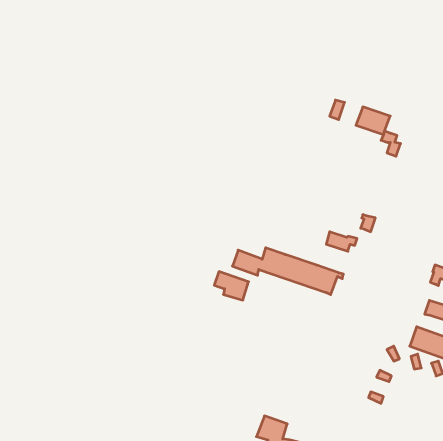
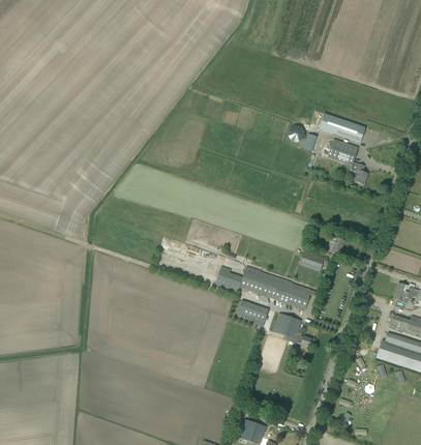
building: none -> [319,112,365,142]
building: [214,272,249,300] -> [237,299,268,325]
building: none -> [272,312,311,349]

